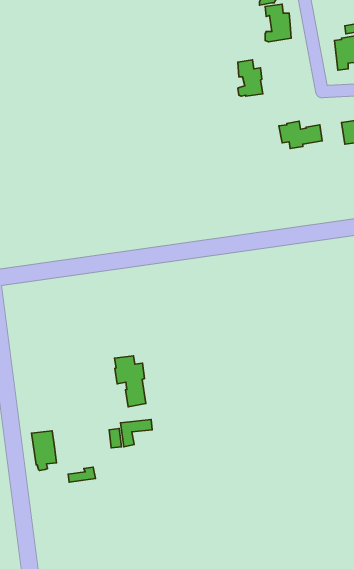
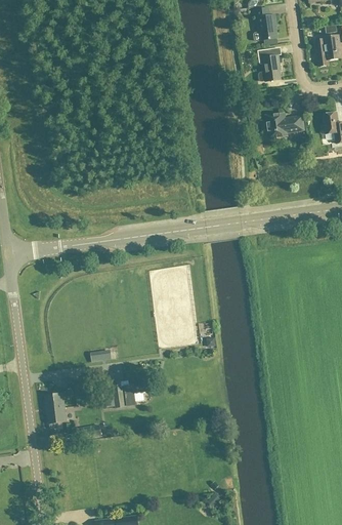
building: [238,60,263,96] -> [258,48,281,81]
building: [114,356,146,407] -> none

